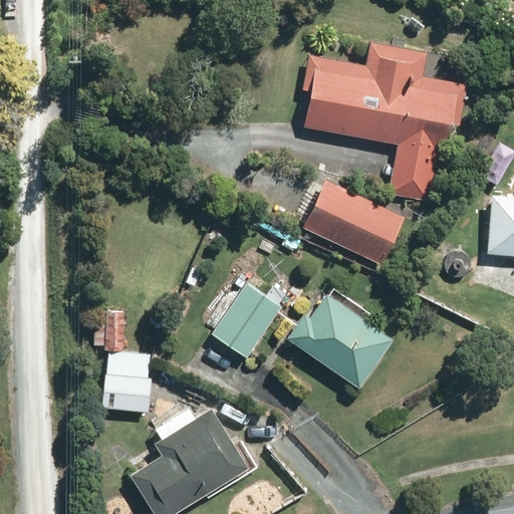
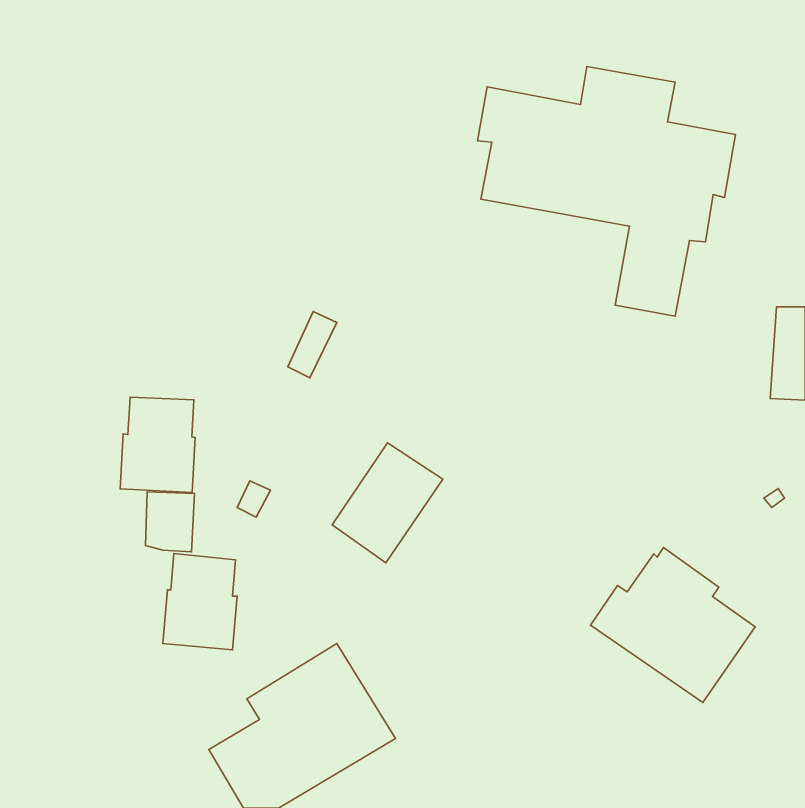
building: [304,181,404,264] -> none
building: none -> [120,397,195,493]
building: [287,290,392,389] -> [591,548,755,703]

